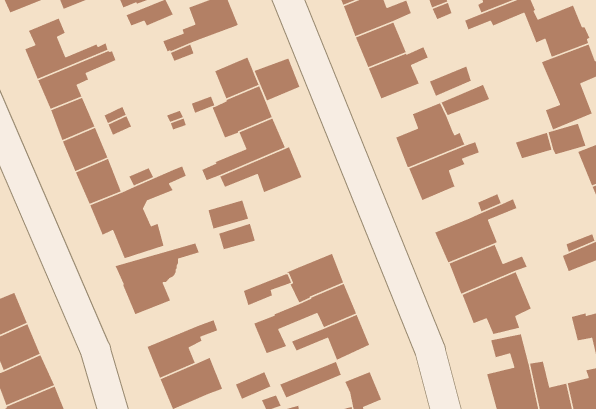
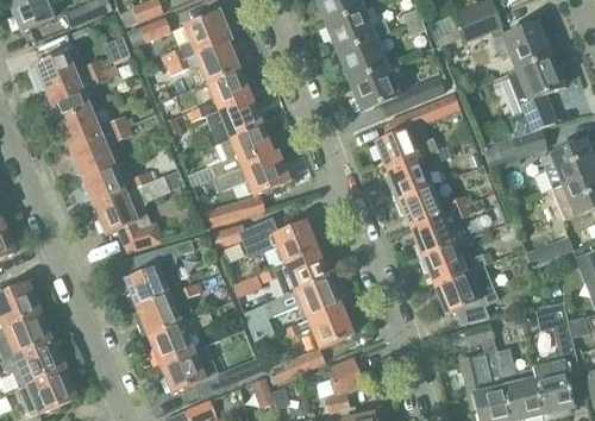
building: [254,57,300,102] -> [196,42,239,82]
building: none -> [399,188,441,230]
building: none -> [244,220,317,262]
building: none -> [136,279,202,334]

